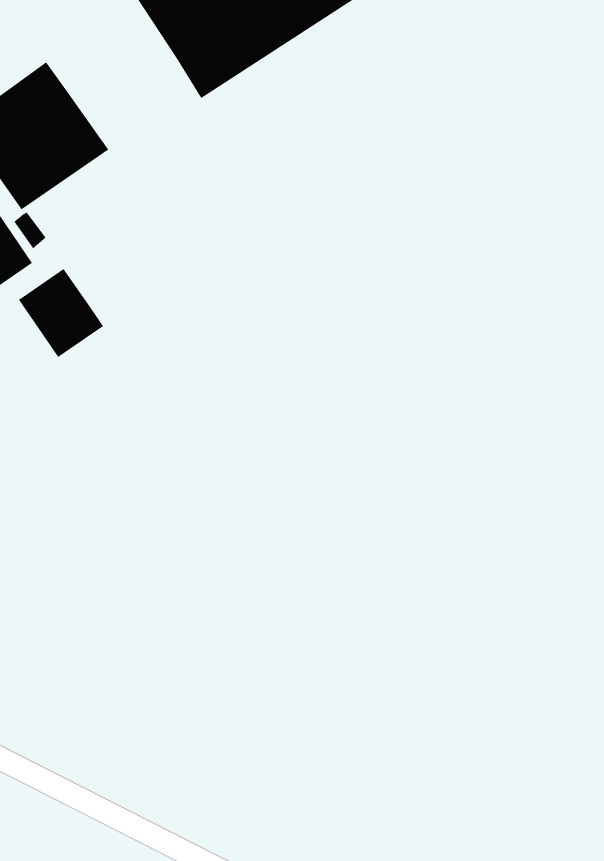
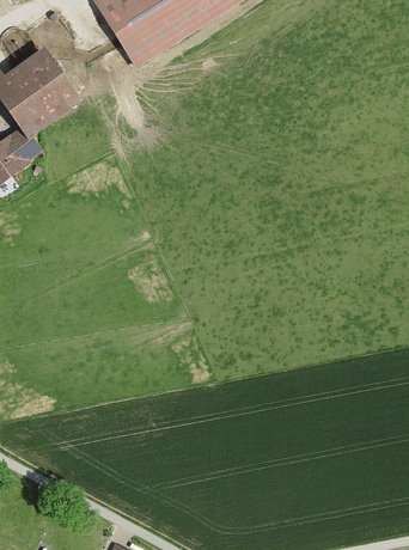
building: [18,268,104,358] -> none

